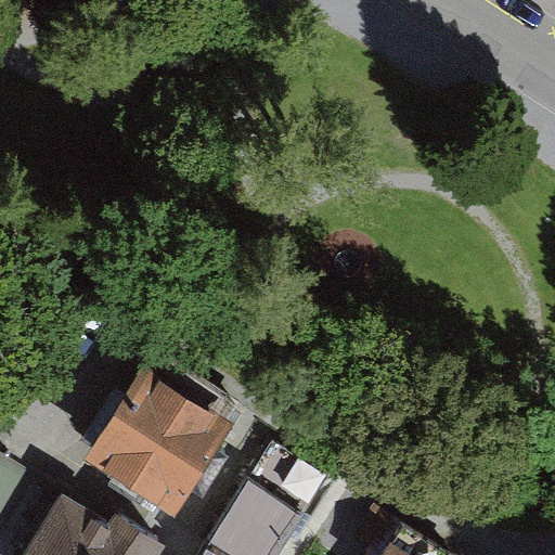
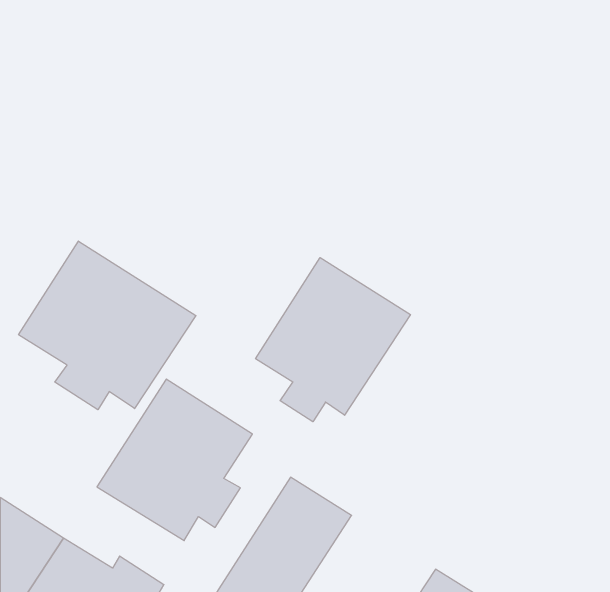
building: none -> [19,241,196,410]
building: none -> [256,258,410,422]

